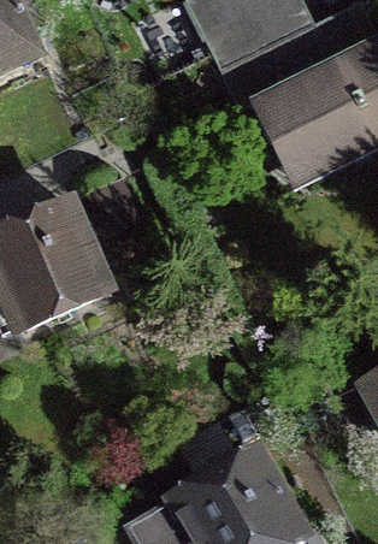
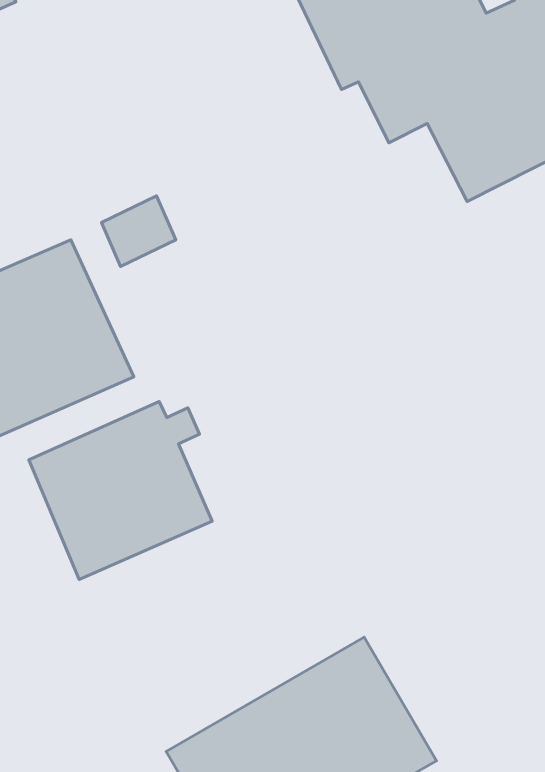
building: none -> [29,402,212,579]

